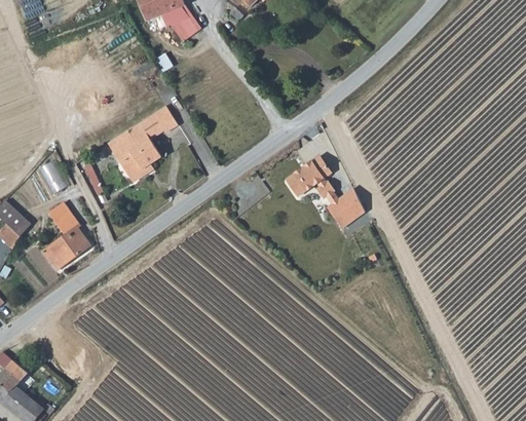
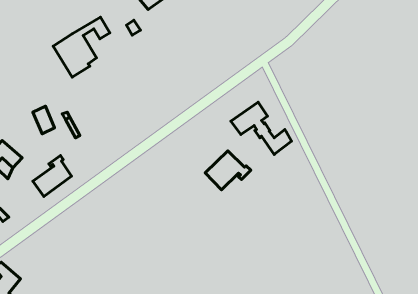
building: [108,106,178,180] -> [53,17,110,77]
building: [48,202,76,231] -> none
building: none -> [205,151,251,190]

